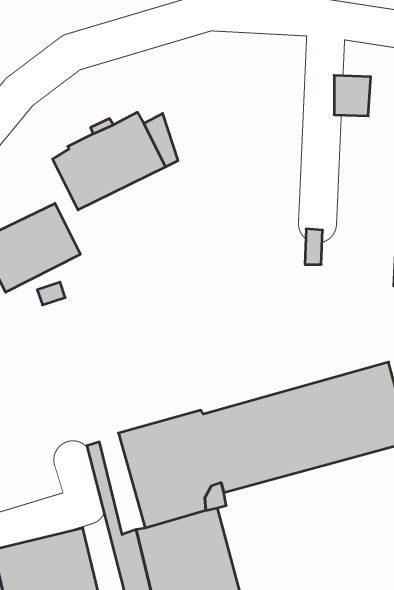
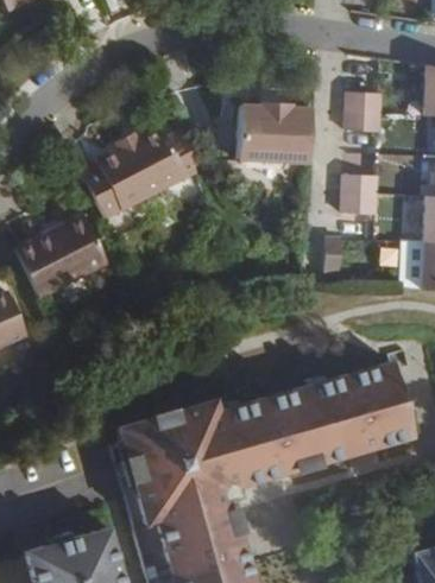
building: none -> [238,104,310,163]
building: none -> [340,176,376,214]
building: none -> [121,399,220,524]

